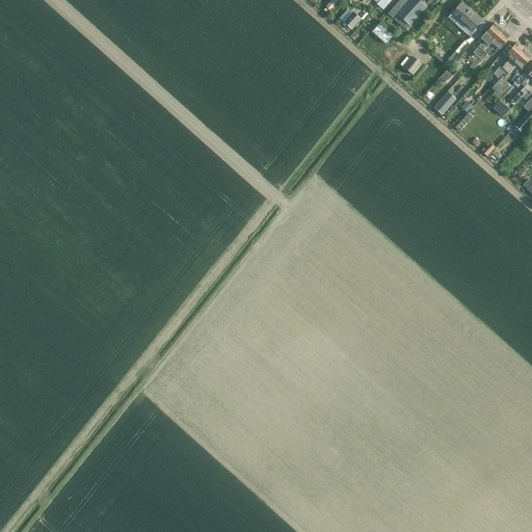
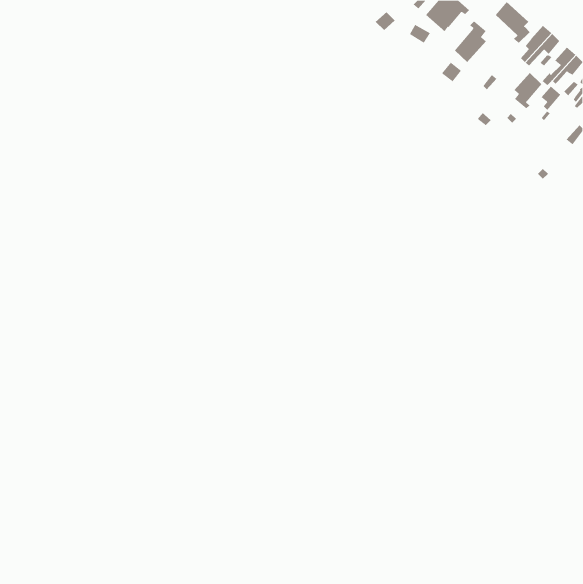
building: none -> [454,21,487,63]
building: none -> [513,72,542,109]

